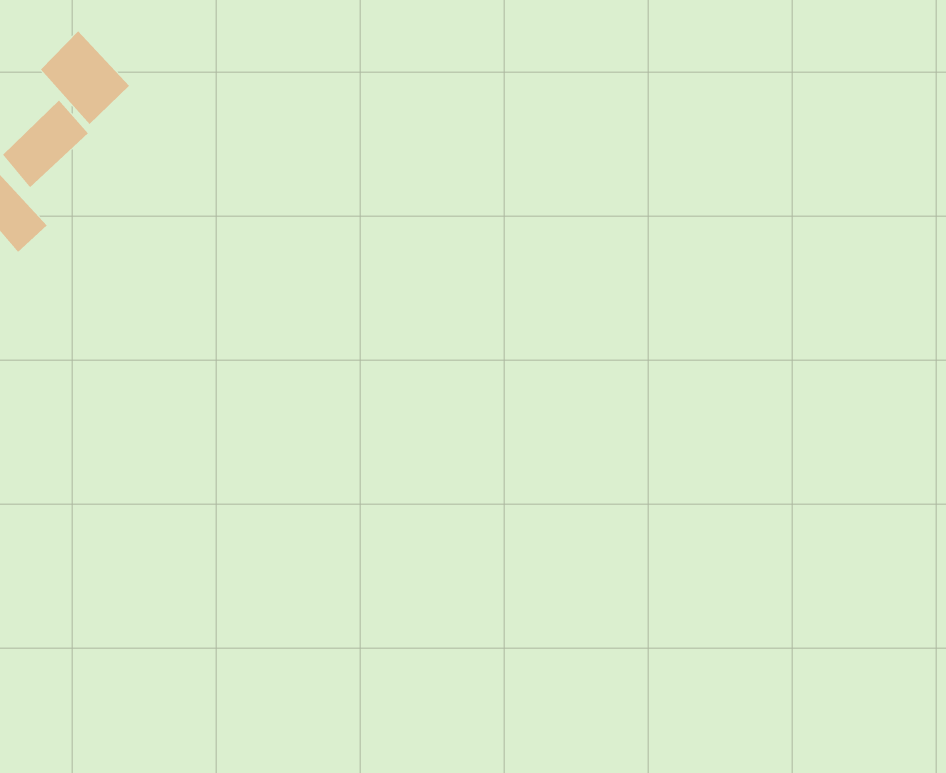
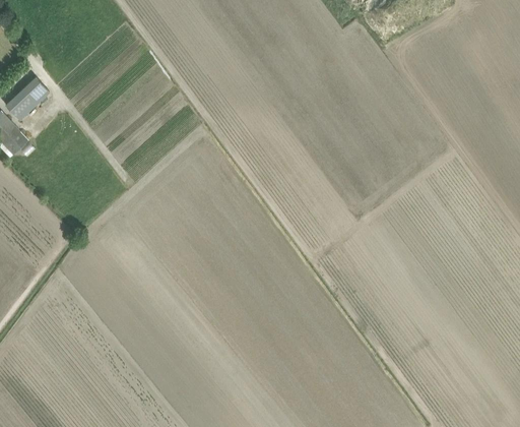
building: [40,30,130,125] -> none

